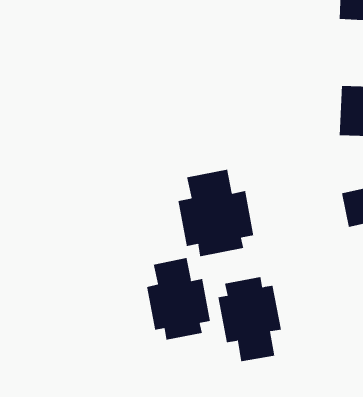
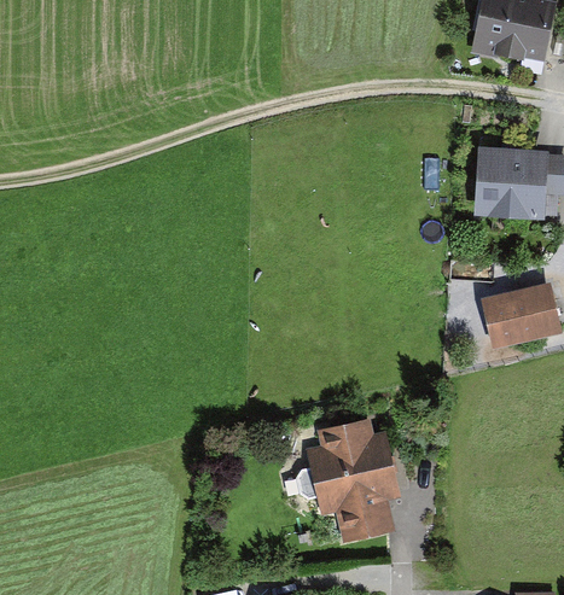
building: [178,169,254,257] -> none
building: [146,257,210,341] -> none

